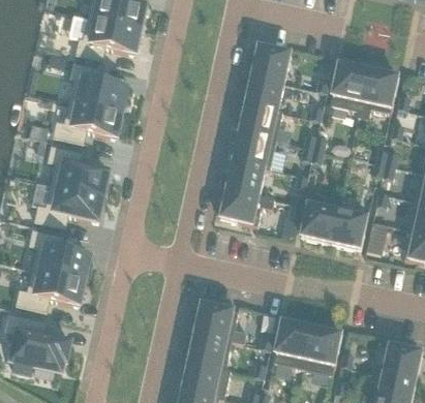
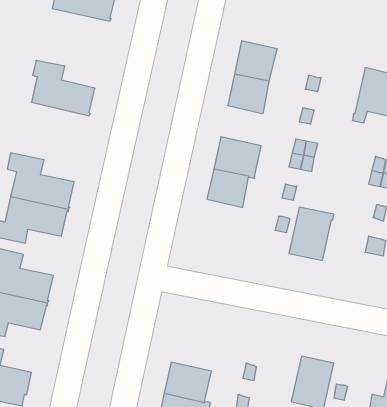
building: [77,16,141,58] -> none
building: [331,62,369,110] -> none
building: [54,99,122,142] -> none
building: [240,102,282,138] -> none
building: [221,186,274,223] -> none
building: [331,205,368,247] -> none
building: [195,303,238,340] -> none
building: [273,320,312,367] -> none

